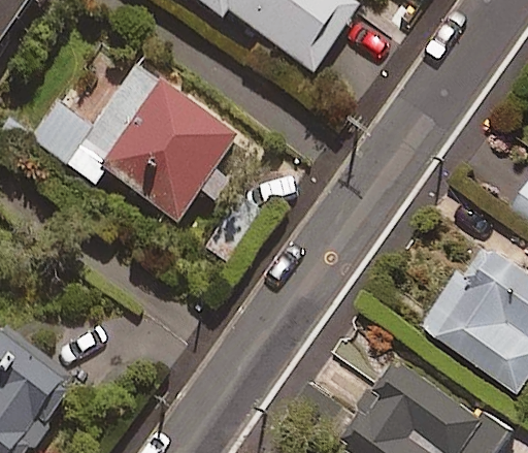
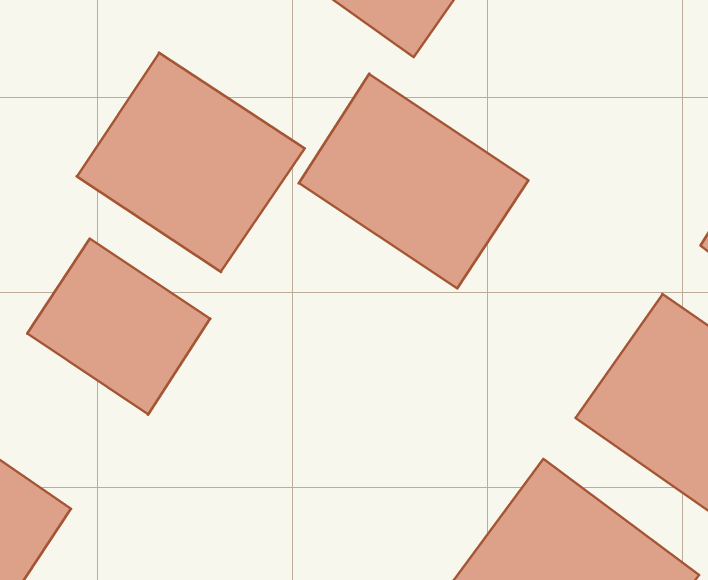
building: none -> [299,74,528,288]
building: none -> [27,239,210,415]

